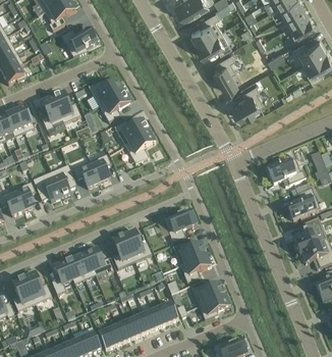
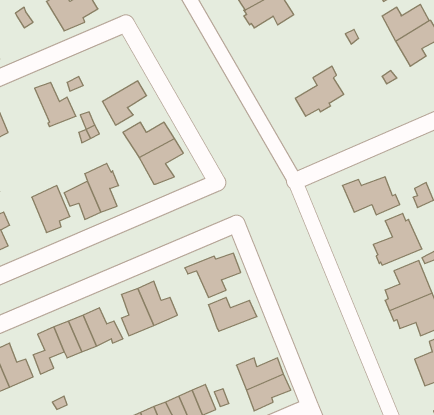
building: [214,51,238,89] -> none
building: [87,80,124,109] -> none
building: [42,96,63,130] -> none
building: [34,171,61,200] -> none
building: [180,254,211,282] -> none

